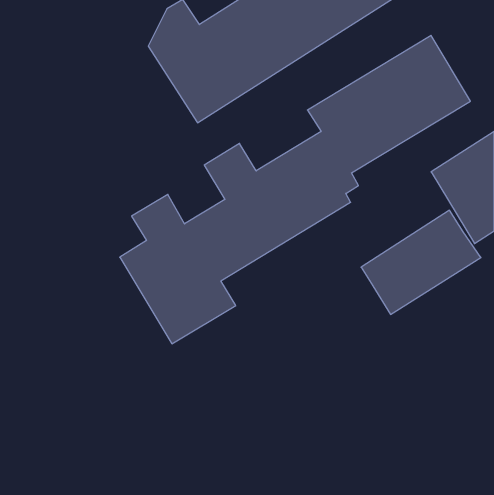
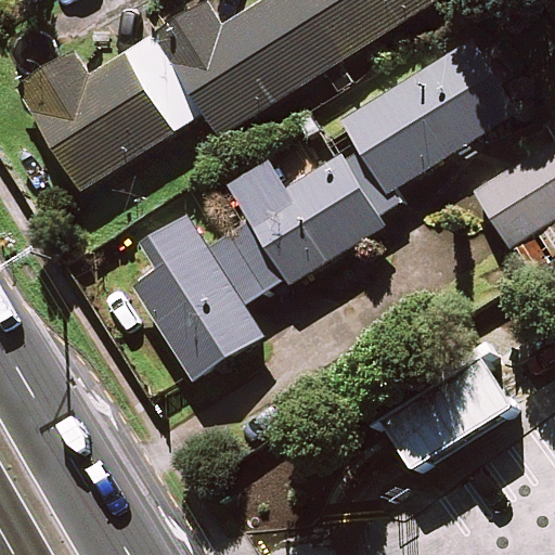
building: none -> [16,37,197,191]
building: [361,210,481,314] -> [380,354,513,469]

